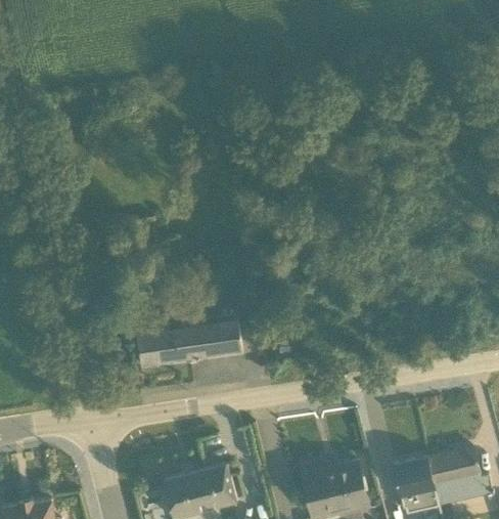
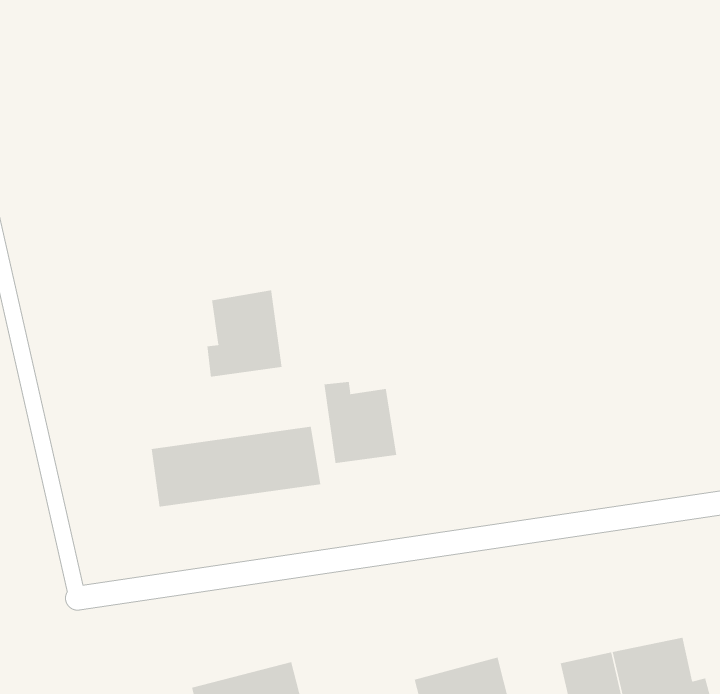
building: none -> [207,290,282,378]
building: none -> [324,381,397,464]

